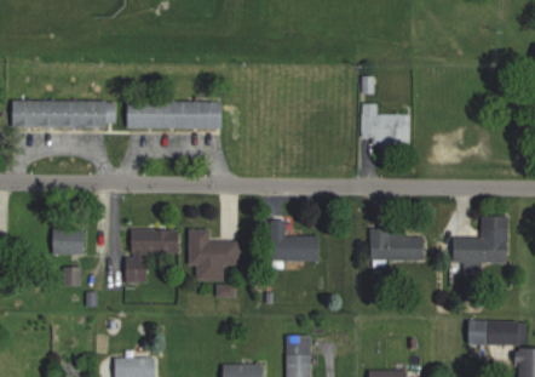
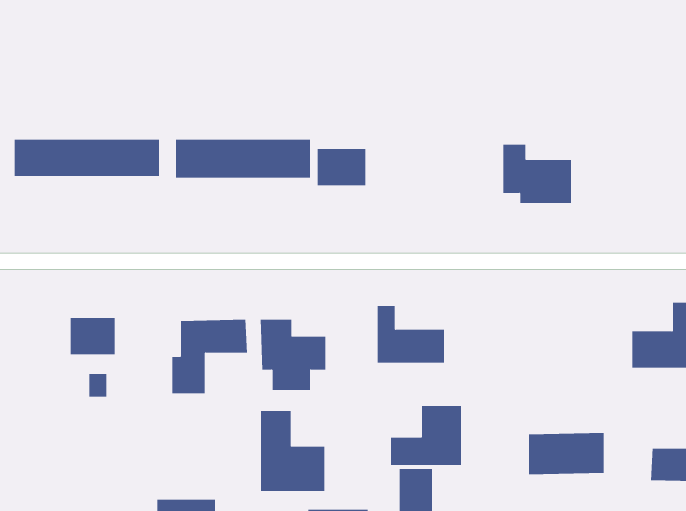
building: none -> [317,148,366,186]
building: [370,232,425,262] -> [528,432,604,475]
building: none -> [391,405,461,466]
building: none -> [260,410,325,492]

